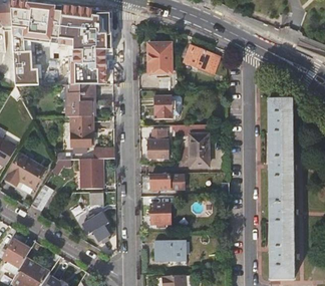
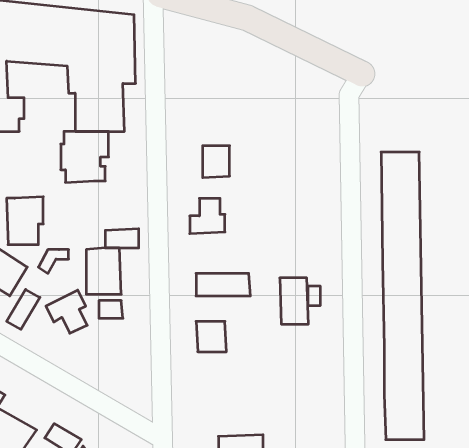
building: [147,43,171,76] -> none
building: [182,44,218,74] -> none
building: [63,116,86,147] -> [7,197,43,245]
building: [190,135,208,165] -> [280,278,308,324]
building: [82,214,108,241] -> [46,290,87,333]
building: [155,242,187,262] -> none

